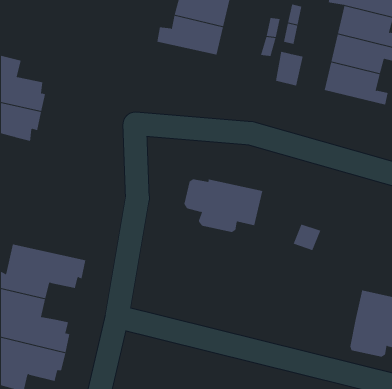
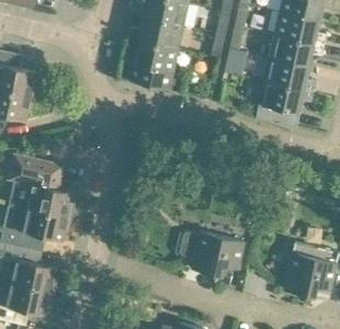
building: none -> [126,39,178,90]
building: none -> [256,79,315,127]
building: [183,179,263,233] -> [180,231,245,275]
building: none -> [9,156,75,217]

